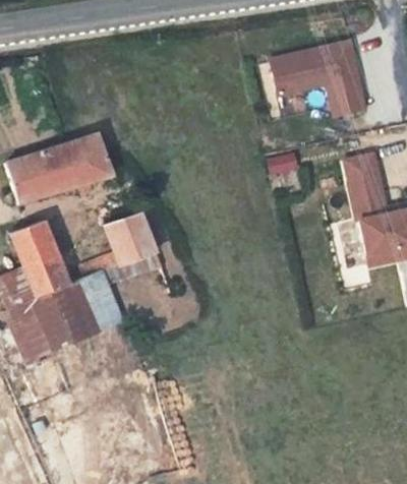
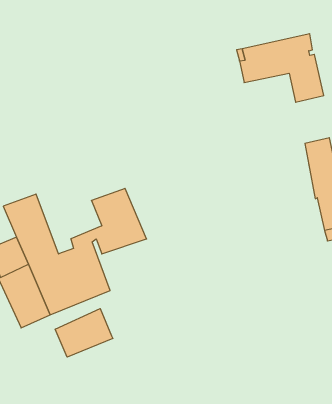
building: [17,130,127,206] -> none
building: none -> [55,309,113,357]

